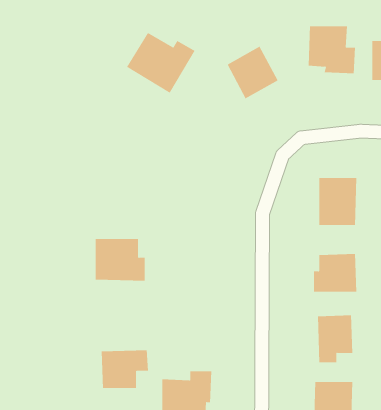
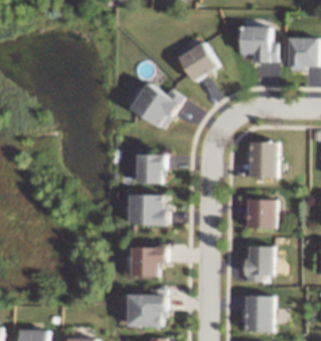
building: [126,32,195,93] -> [130,83,182,129]
building: none -> [137,154,164,184]
building: [95,239,146,281] -> [130,194,168,226]
building: [101,350,149,389] -> [132,246,168,275]

